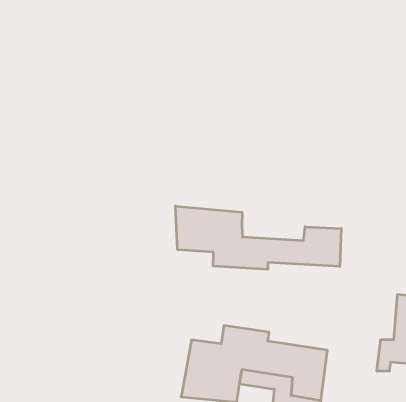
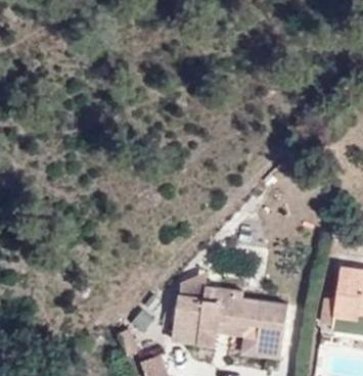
building: [176,206,341,269] -> none

